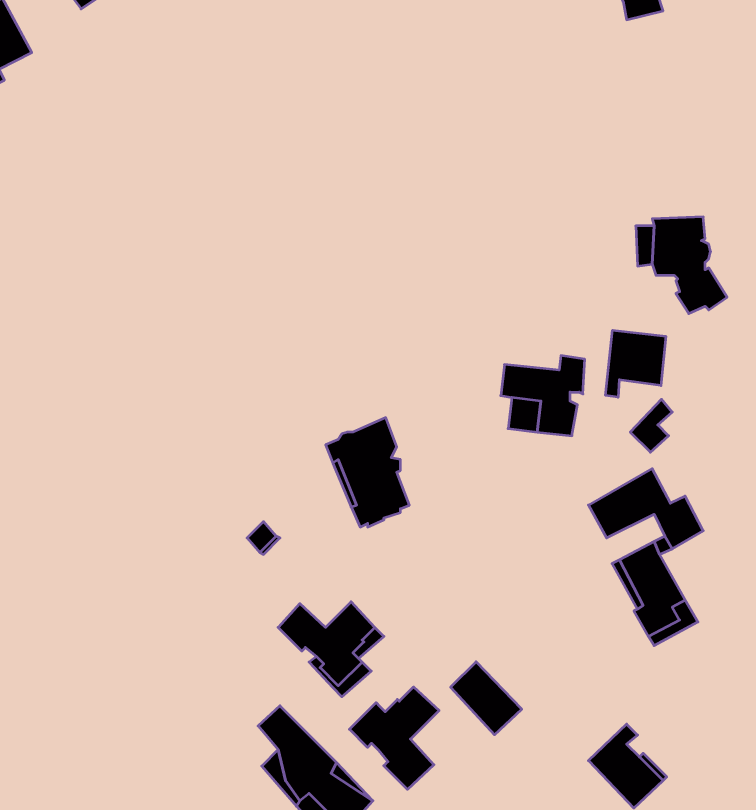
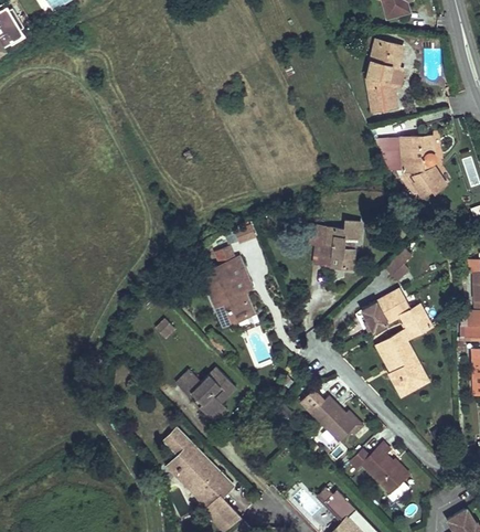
building: none -> [366,40,404,107]
building: [606,330,666,397] -> none
building: [451,662,522,735] -> [313,395,356,439]
building: [349,687,439,789] -> none

